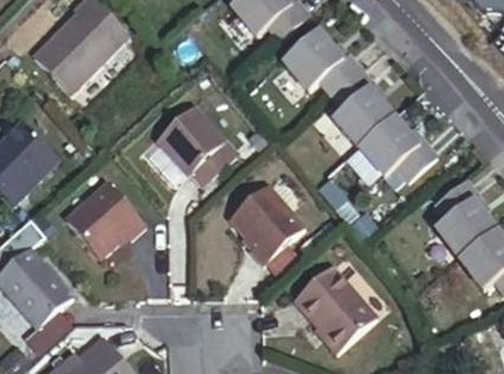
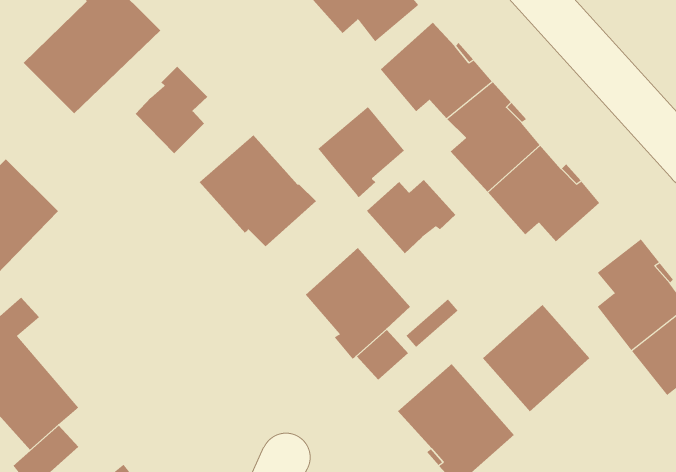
building: none -> [135,66,208,154]
building: none -> [318,106,405,198]
building: none -> [366,179,456,254]
building: [64,182,145,257] -> none
building: none -> [482,304,590,412]

